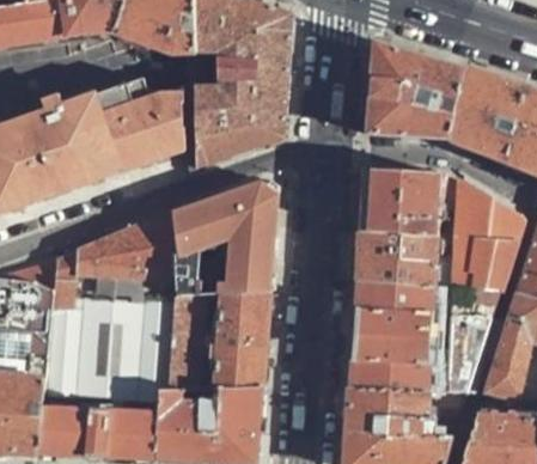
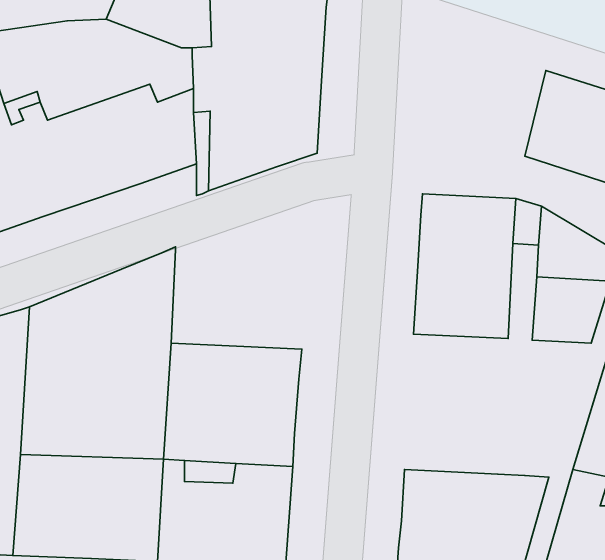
building: [371,44,464,141] -> none
building: [166,182,277,294] -> none
building: [352,282,434,393] -> none
building: [447,287,500,396] -> none

